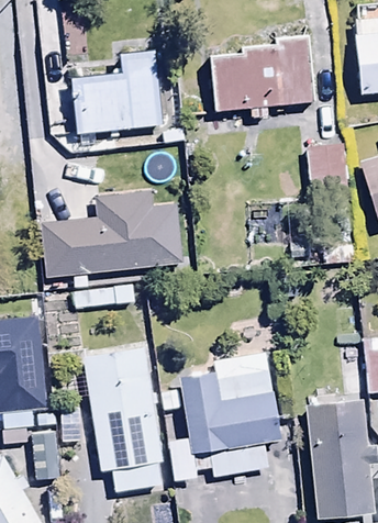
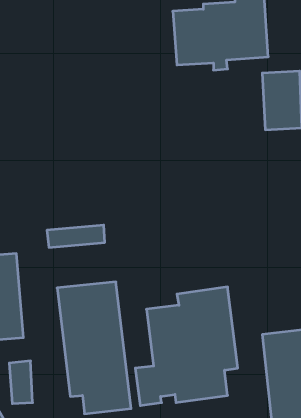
building: [73,51,162,132] -> none
building: [40,191,181,287] -> none

